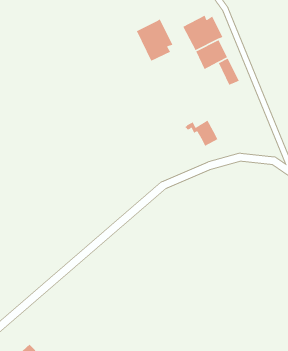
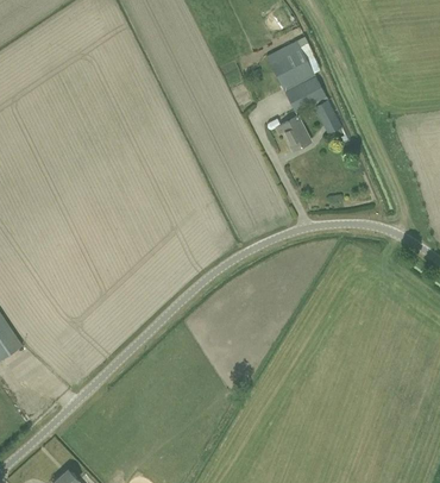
building: [136,18,174,62] -> none
building: [185,119,219,147] -> [268,117,312,152]

